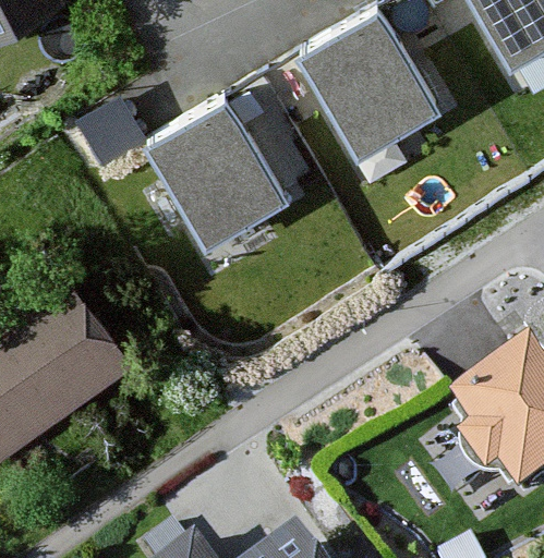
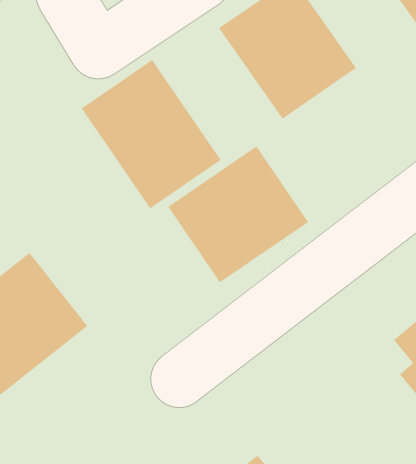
building: none -> [168,145,309,283]

